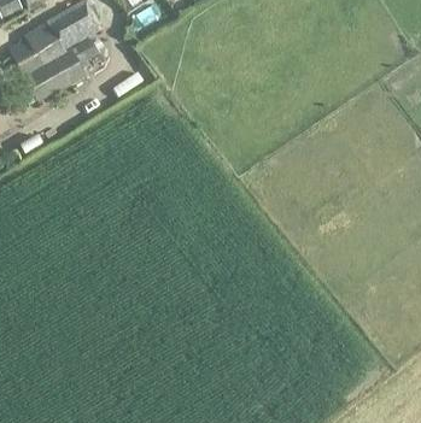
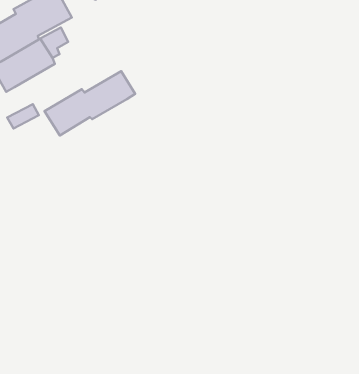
building: none -> [44,71,135,136]

